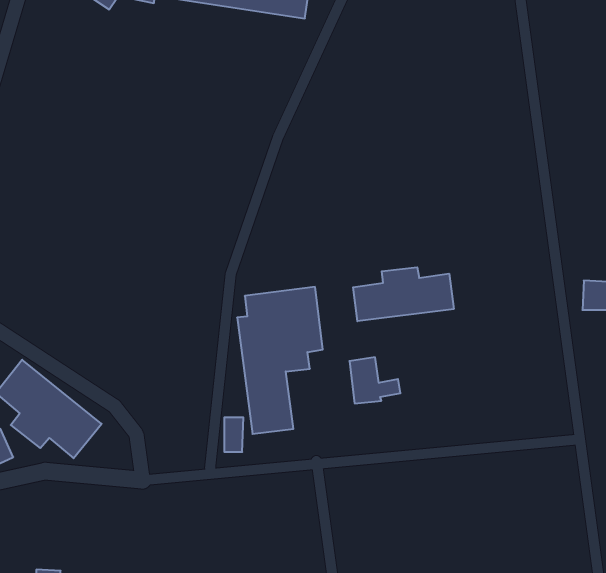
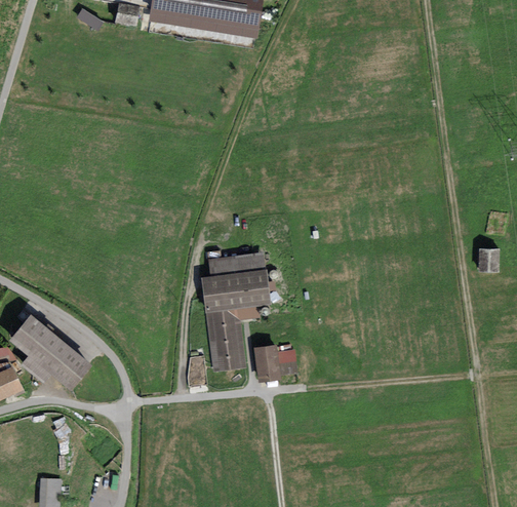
building: [353,267,454,321] -> none
building: [349,357,401,403] -> [254,344,295,381]

